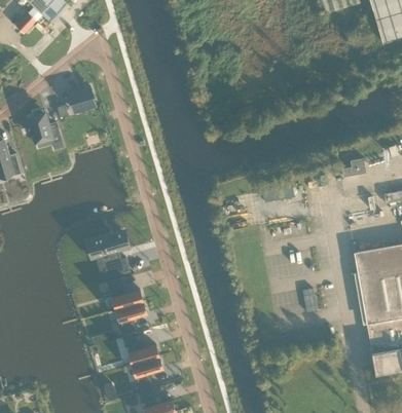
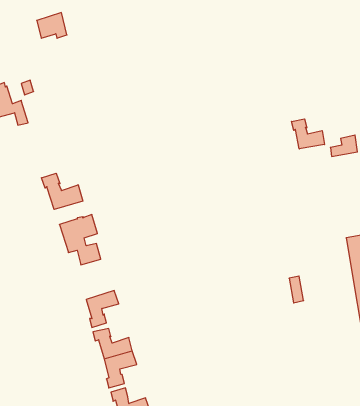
building: [68,89,96,113] -> [37,13,67,38]
building: none -> [292,119,324,149]
building: none -> [41,173,83,209]
building: [106,280,142,309] -> none

